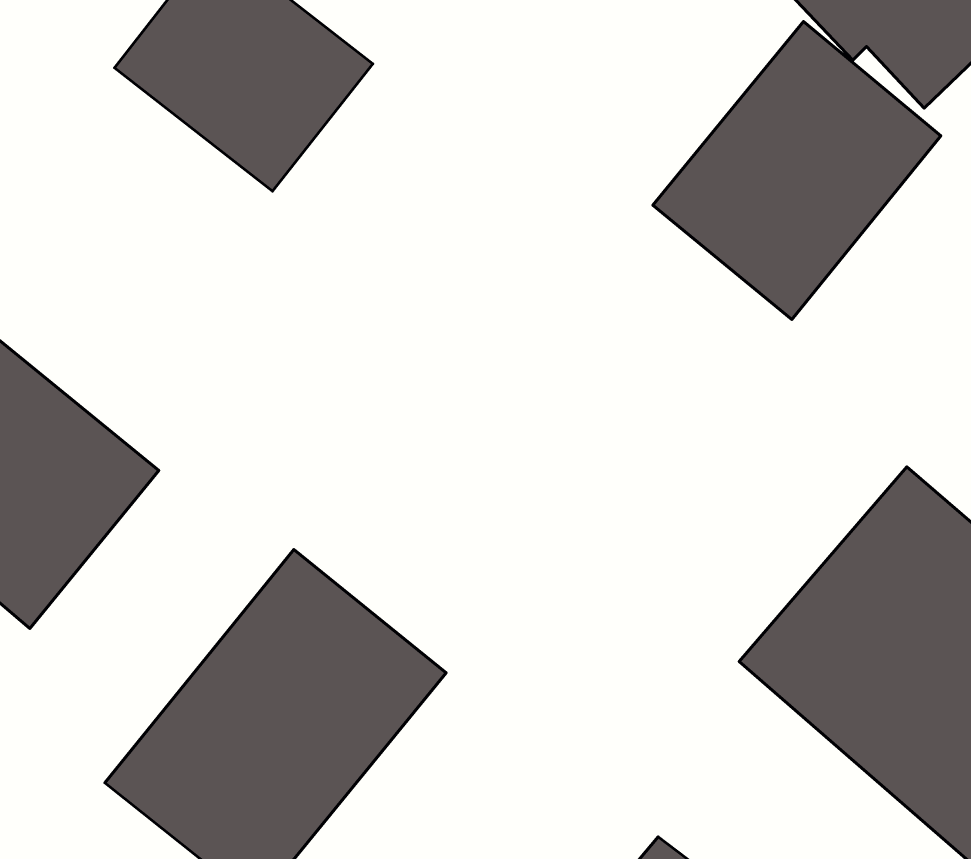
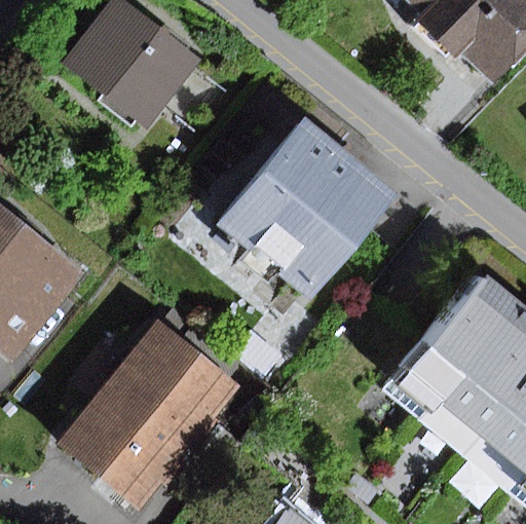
building: [653,22,941,319] -> none
building: none -> [219,122,394,300]

